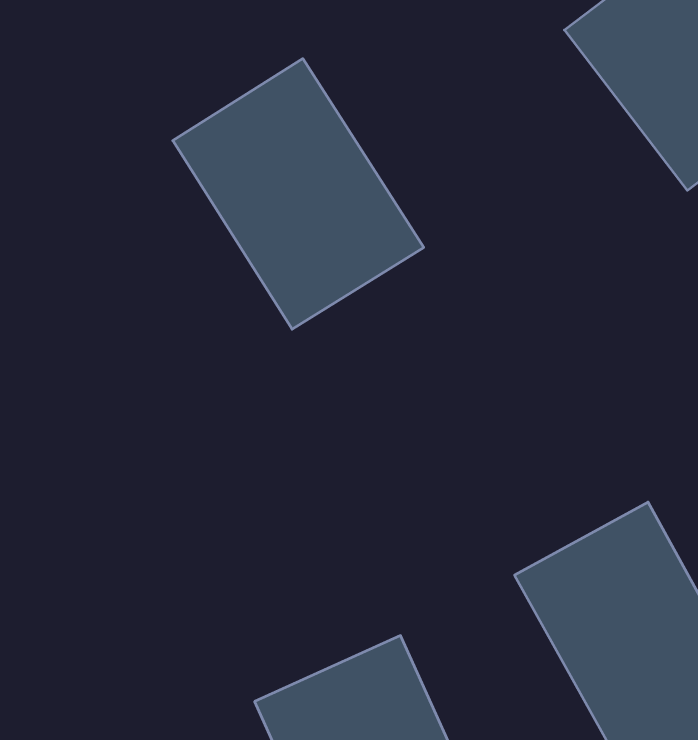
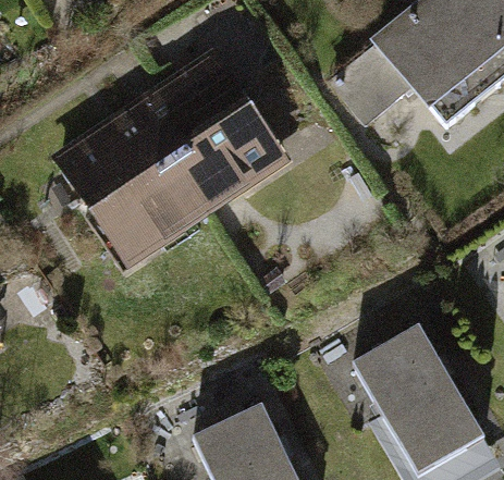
building: none -> [54,102,207,269]

